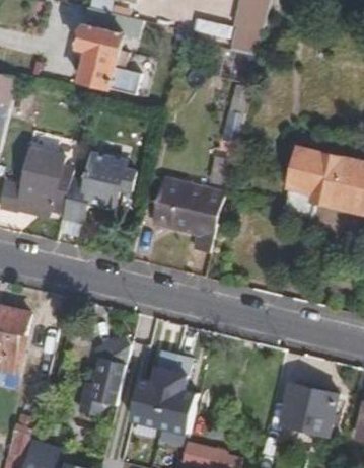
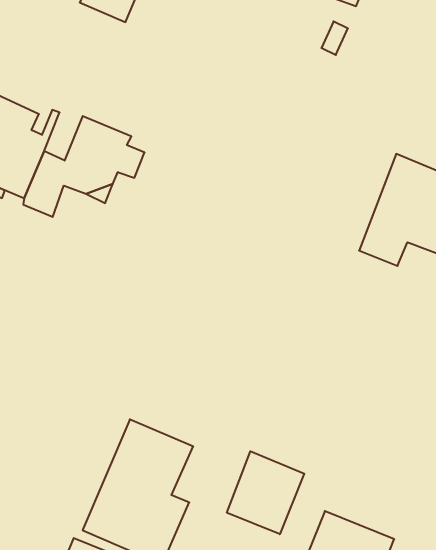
building: [151,179,223,253] -> none
building: [88,334,132,411] -> none
building: none -> [227,451,304,534]

